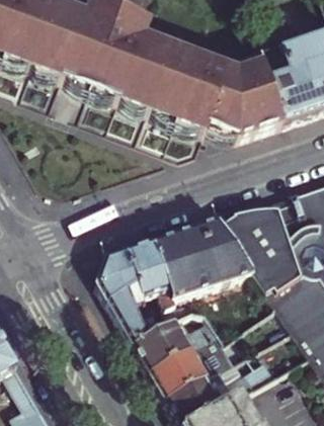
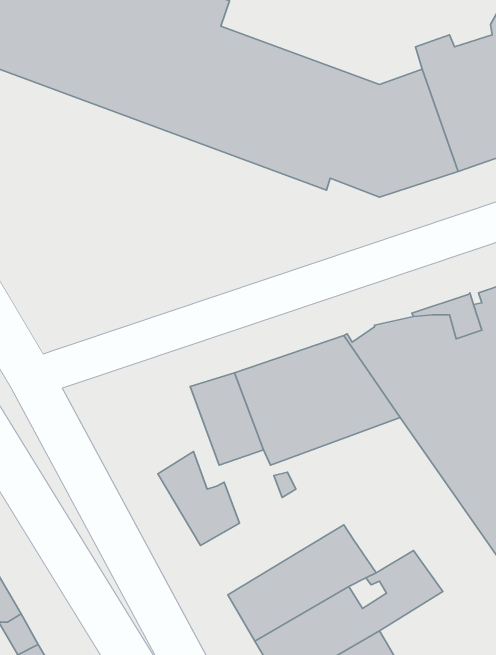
building: [95,246,145,307] -> none
building: [132,313,217,369] -> none

